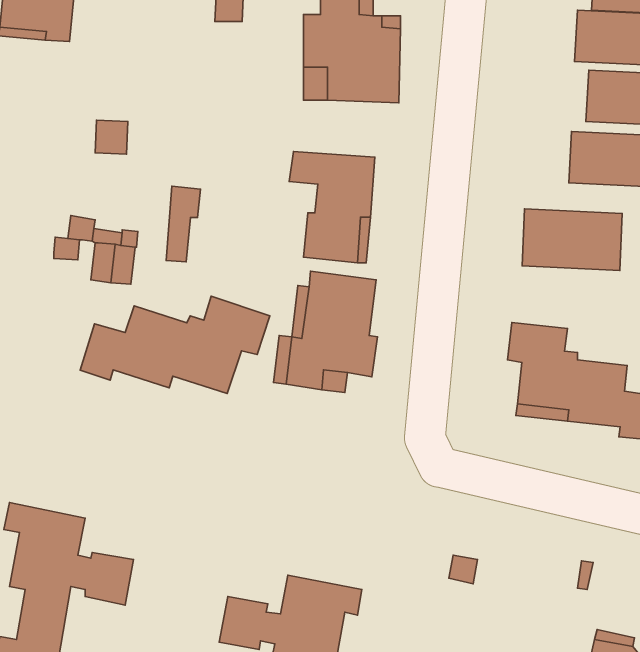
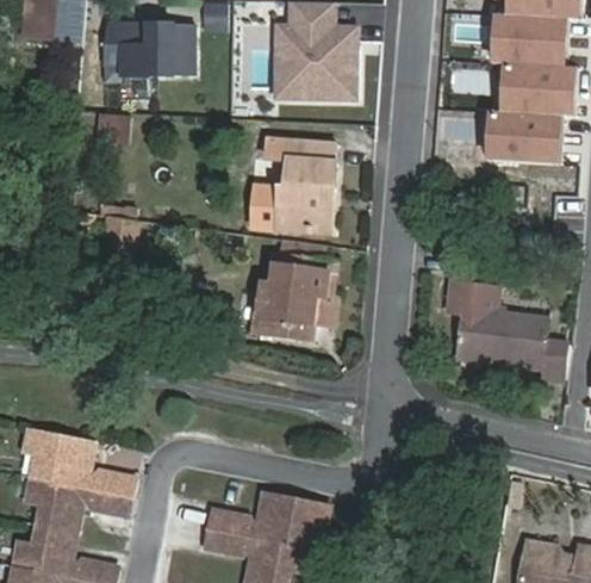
building: none -> [101,21,192,74]
building: [166,186,200,262] -> [257,162,286,225]
building: [522,209,622,270] -> none
building: [80,296,270,394] -> none

